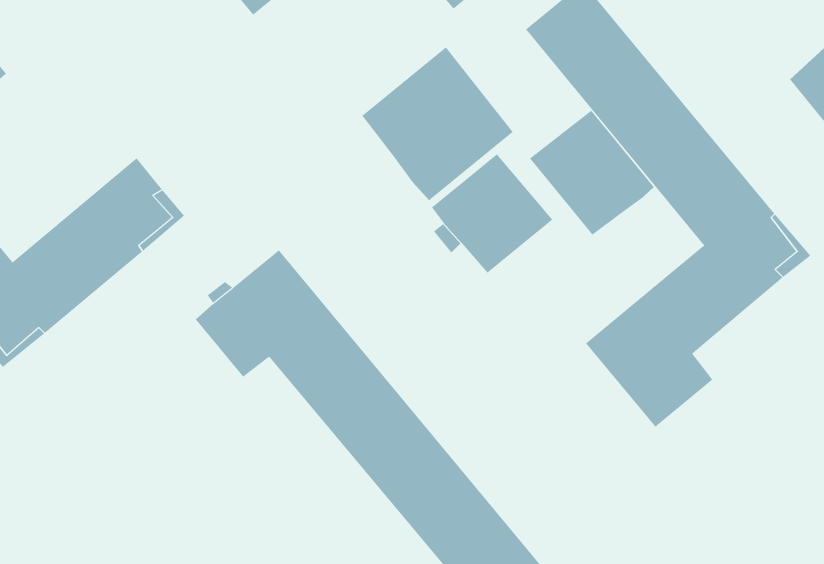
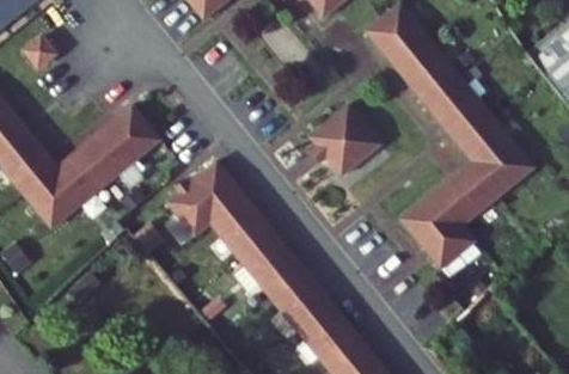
building: [361,46,513,201] -> none
building: [529,110,655,236] -> none

